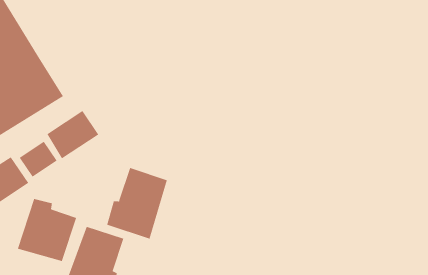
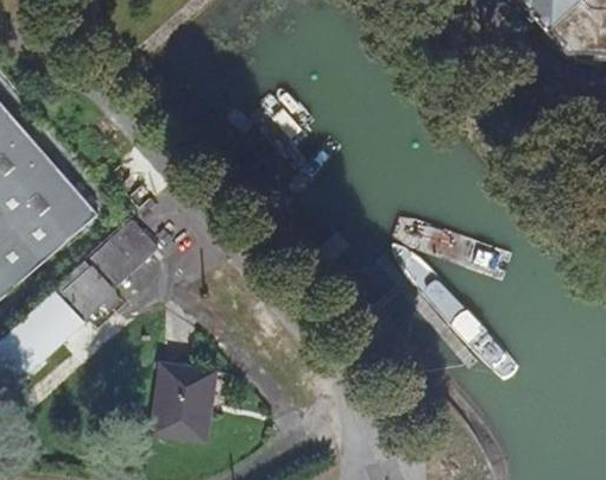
building: [106,167,168,239] -> none
building: [17,198,77,262] -> none

